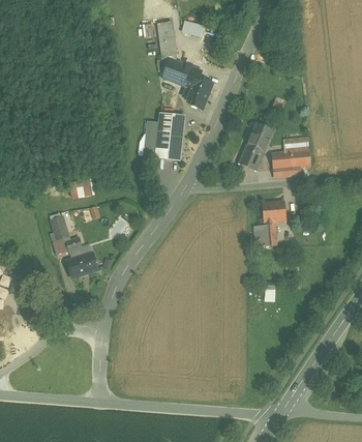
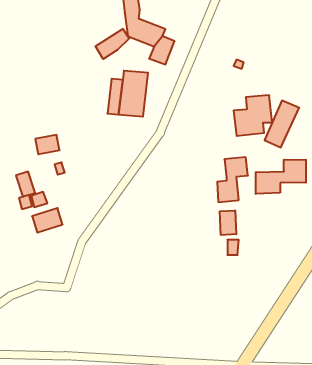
building: none -> [95,29,129,59]
building: [238,122,273,170] -> [265,101,299,147]
building: none -> [256,160,306,194]
building: none -> [220,210,236,235]

